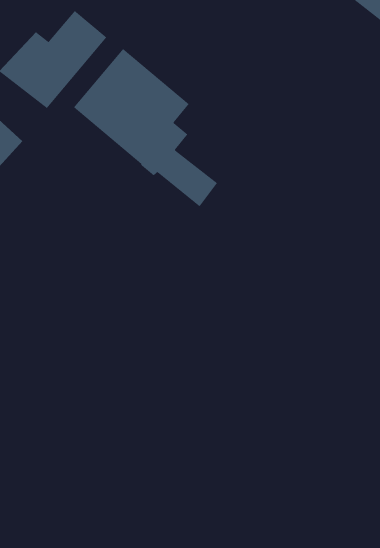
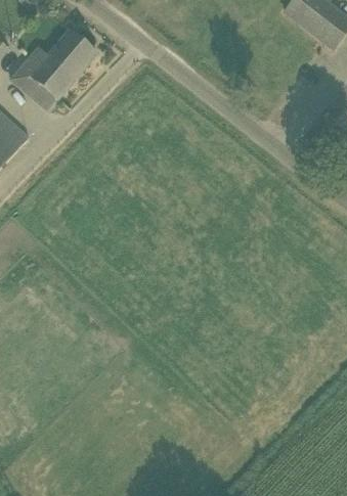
building: [73,48,218,207] -> none

